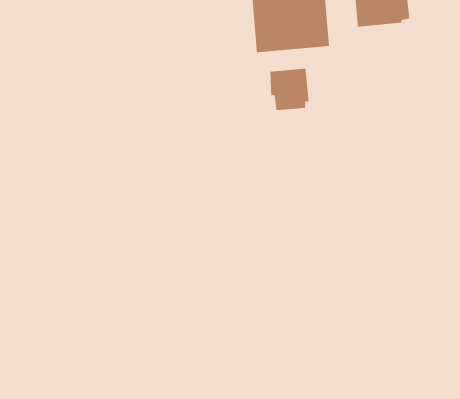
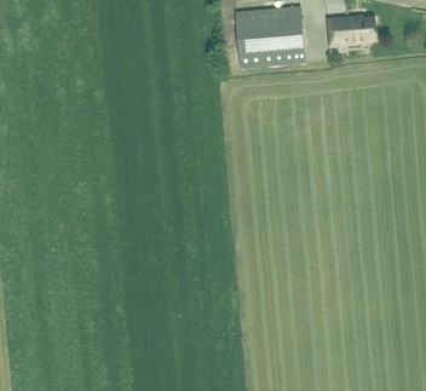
building: [270,68,309,111] -> none

